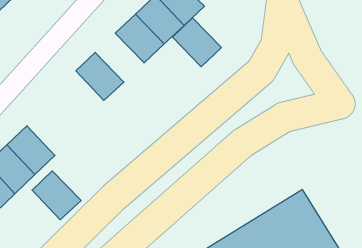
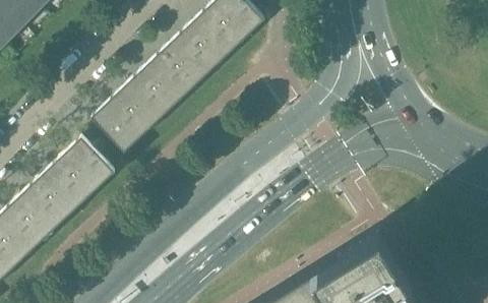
building: [172,18,221,67] -> [137,51,194,108]
building: none -> [90,95,147,152]
building: [32,171,81,220] -> [58,136,115,193]

